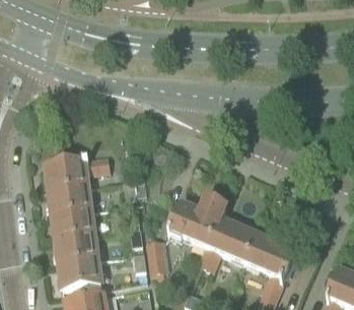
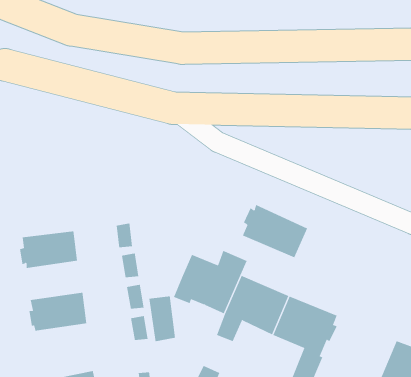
building: [45,153,109,187] -> none
building: none -> [242,204,308,258]
building: [52,205,97,236] -> none
building: [58,254,104,285] -> none

